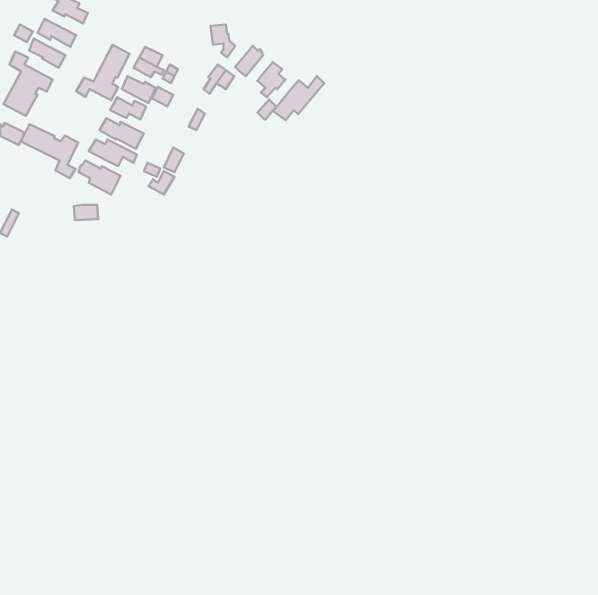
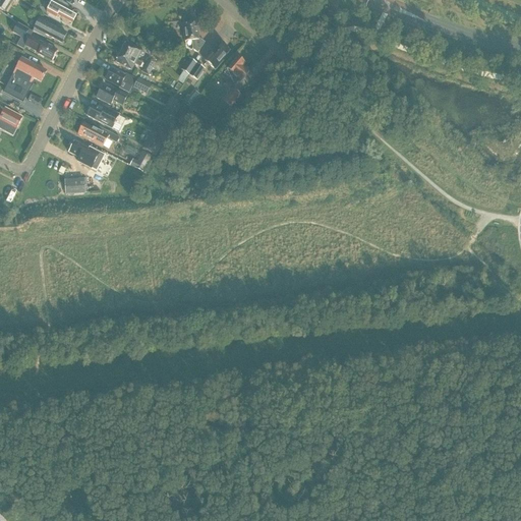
building: [76,45,129,100] -> none
building: [273,76,324,120] -> none
building: [21,124,78,178] -> none

